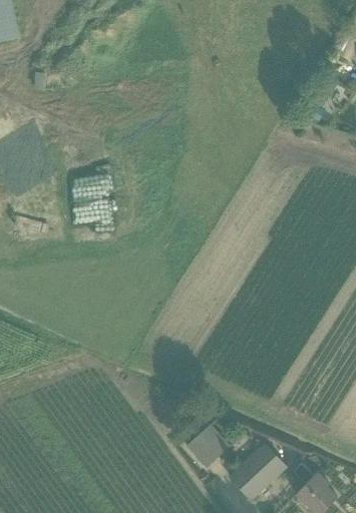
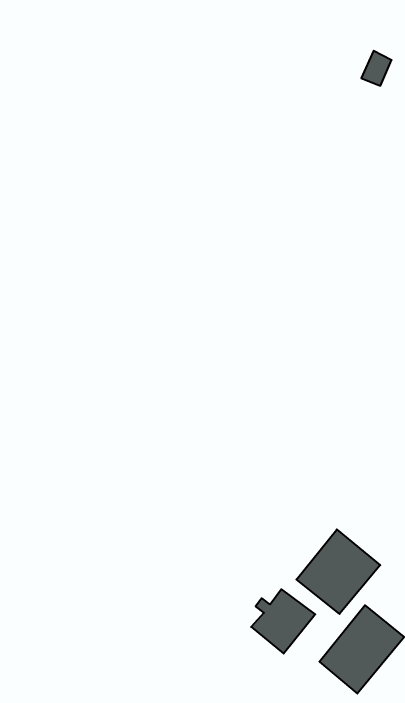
building: none -> [296,529,380,614]

